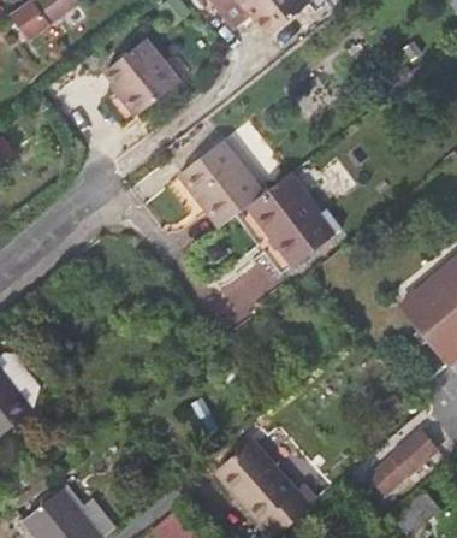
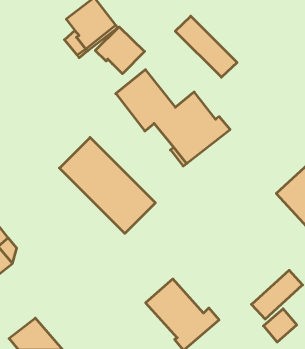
building: none -> [175,16,237,77]
building: none -> [95,27,145,74]
building: none -> [59,137,155,233]

